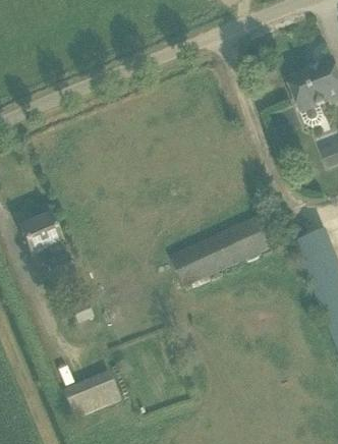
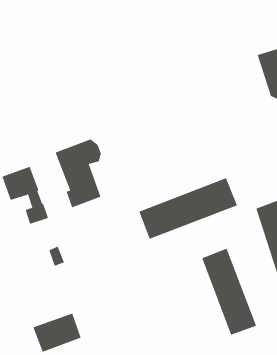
building: none -> [55,139,102,208]
building: none -> [201,248,257,336]

